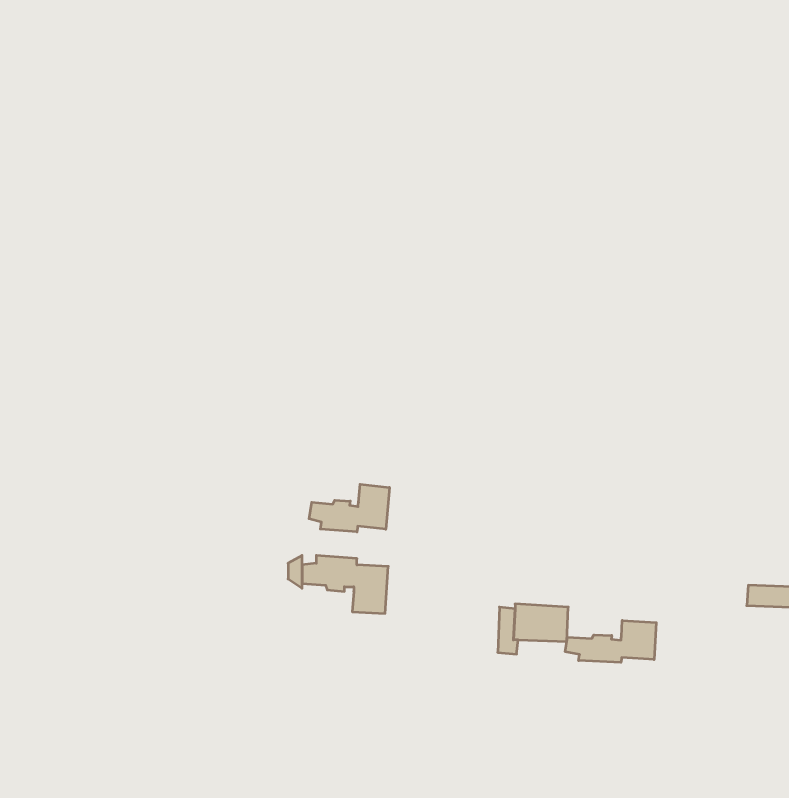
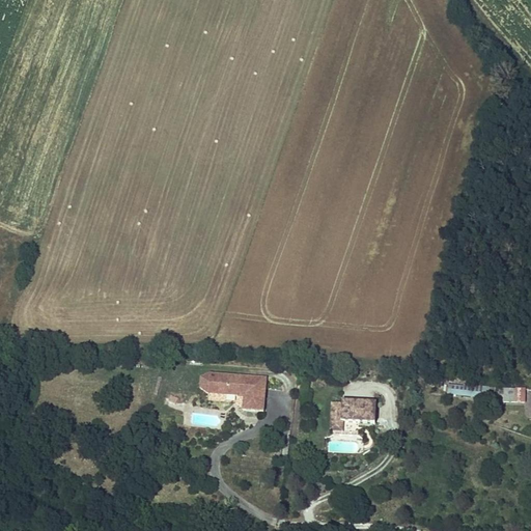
building: [309,484,389,532] -> none
building: [565,620,656,662] -> none

